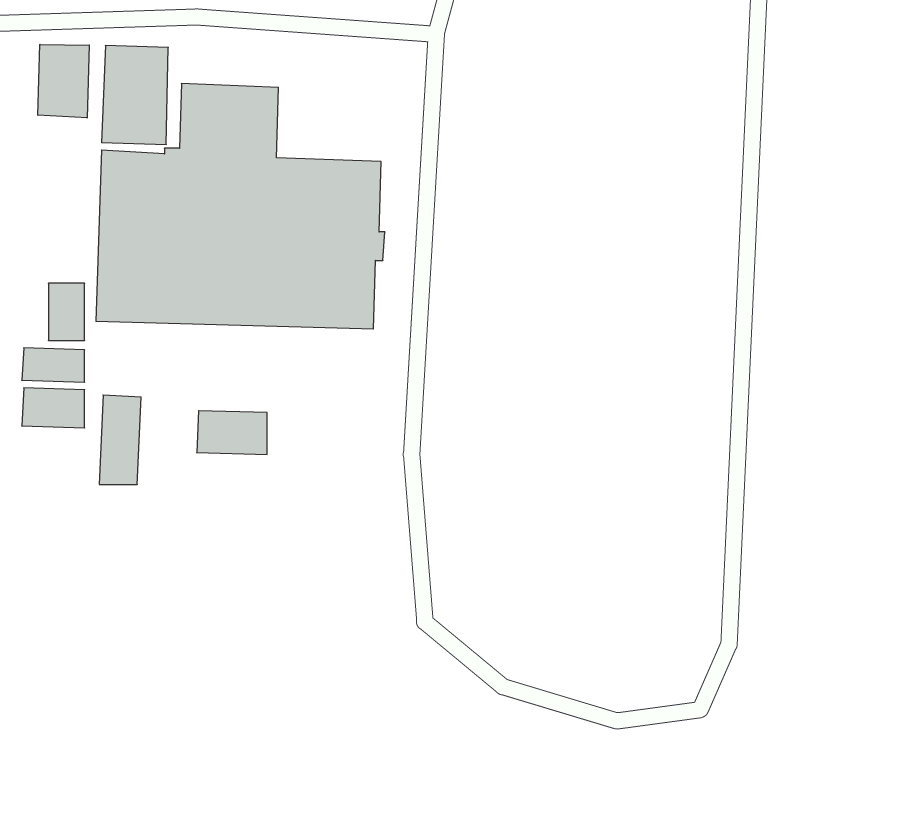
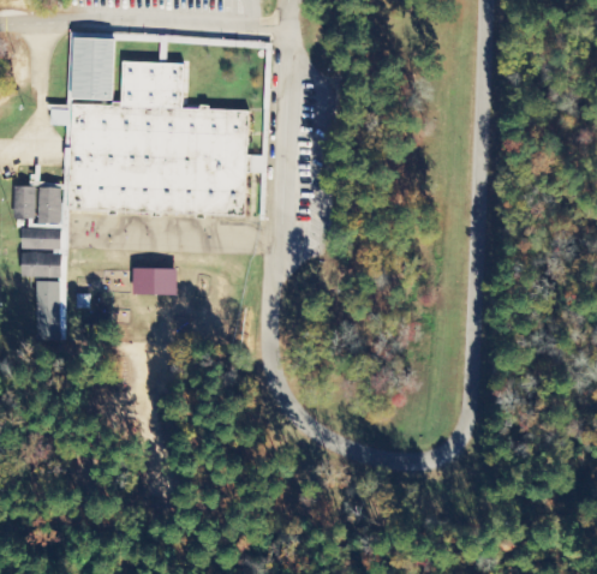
building: [38,44,89,118] -> none
building: none -> [12,185,35,217]
building: [99,395,141,484] -> [32,280,59,336]

